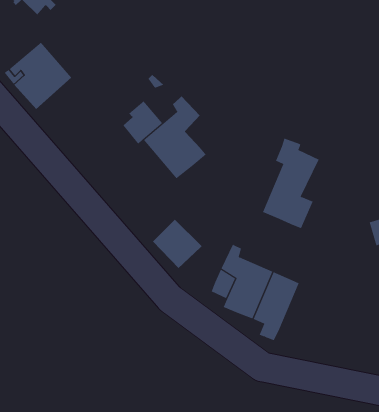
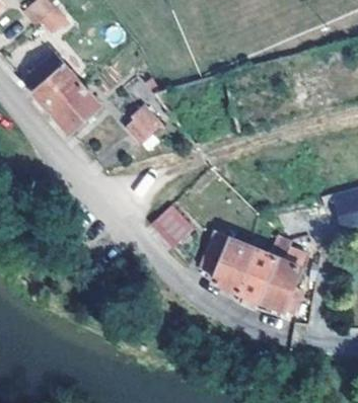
building: none -> [54,86,100,133]
building: [143,95,207,179] -> none
building: [262,138,320,229] -> [260,238,308,315]

